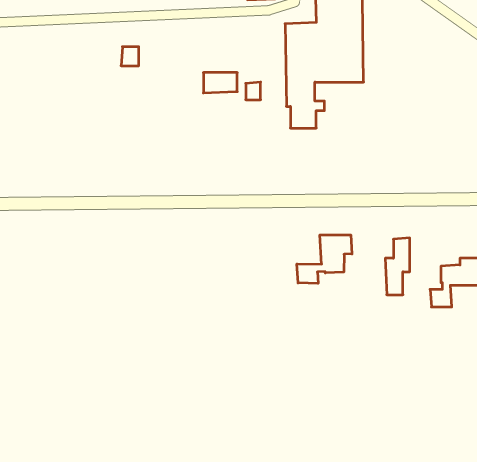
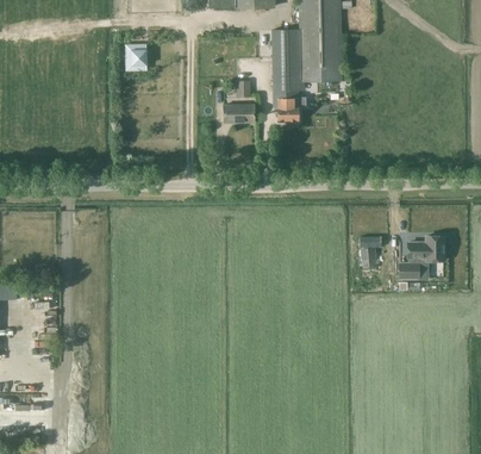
building: [203,73,237,93] -> [224,105,254,123]
building: [297,235,352,283] -> none

